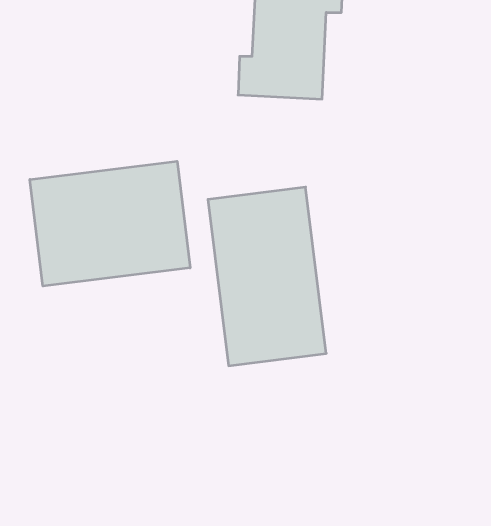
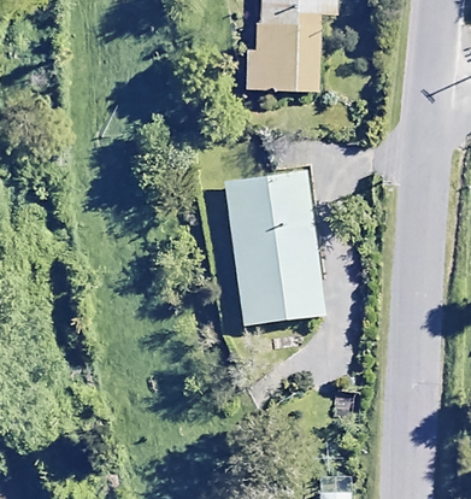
building: [30,161,190,286] -> none

